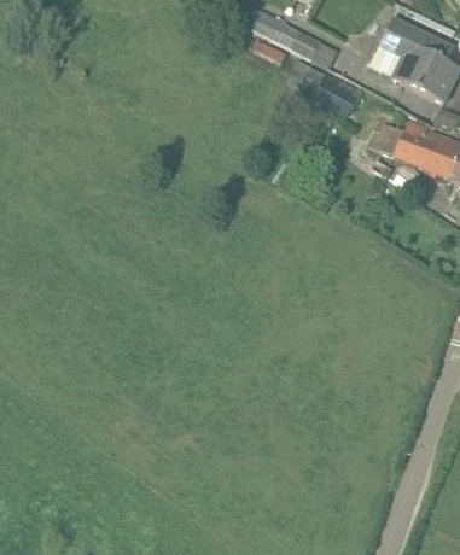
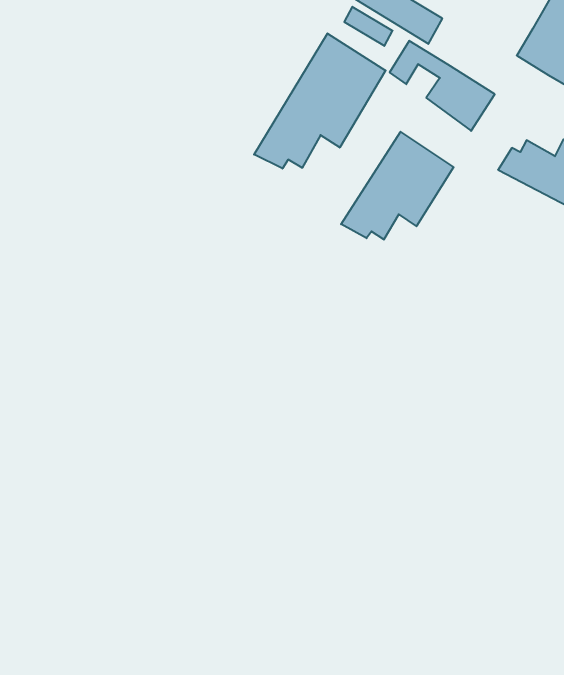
building: none -> [254,33,386,169]
building: none -> [341,132,454,240]

